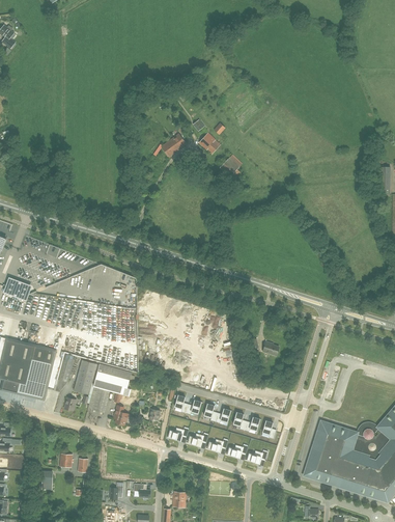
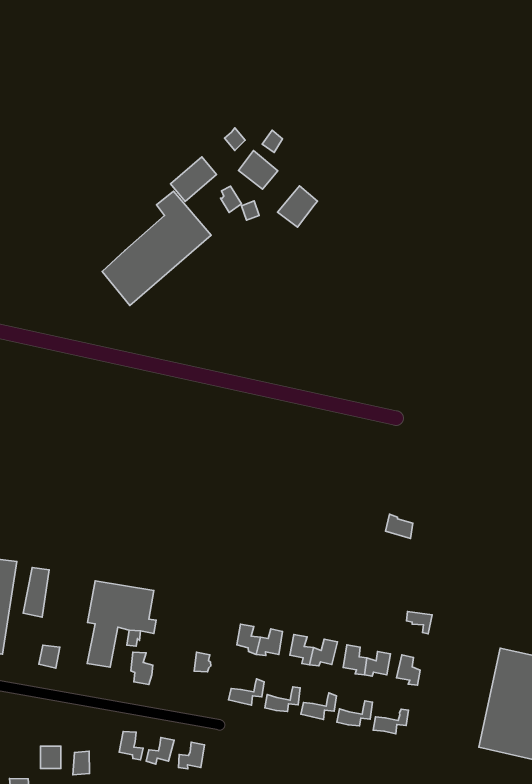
building: none -> [102,191,211,306]
building: [73,359,96,393] -> none

